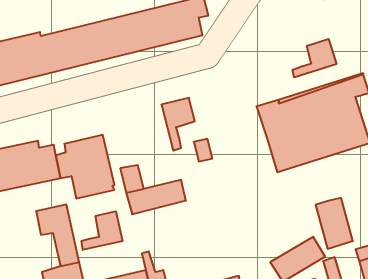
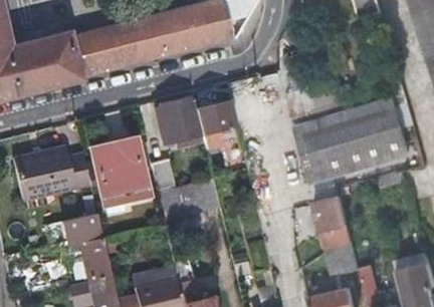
building: [293,39,336,77] -> none
building: none -> [154,98,197,142]
building: [316,198,353,249] -> [312,197,351,249]
building: [82,211,122,250] -> none

